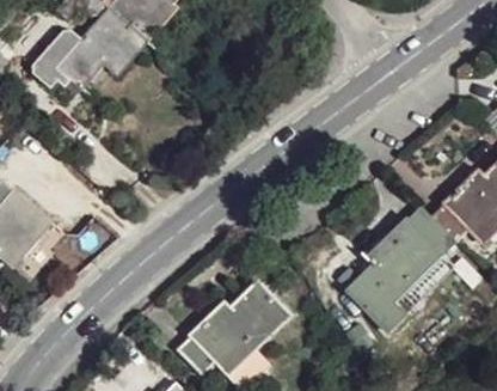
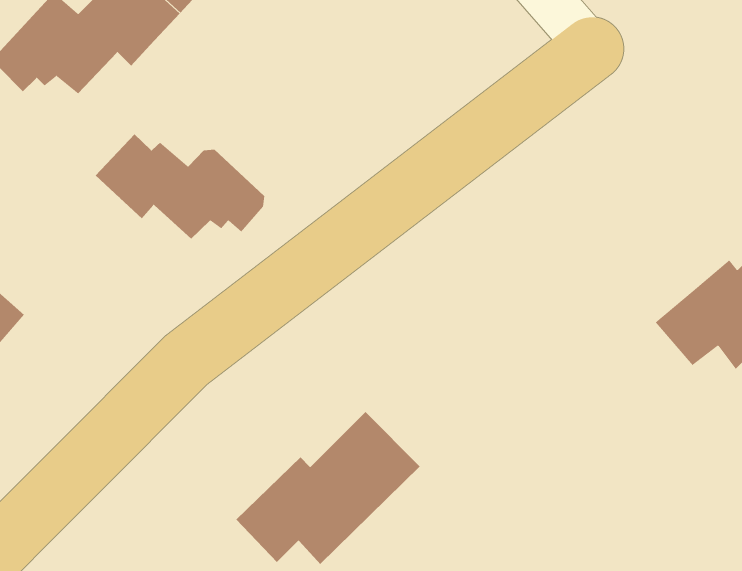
building: none -> [95,134,265,239]
building: [343,209,455,337] -> none

